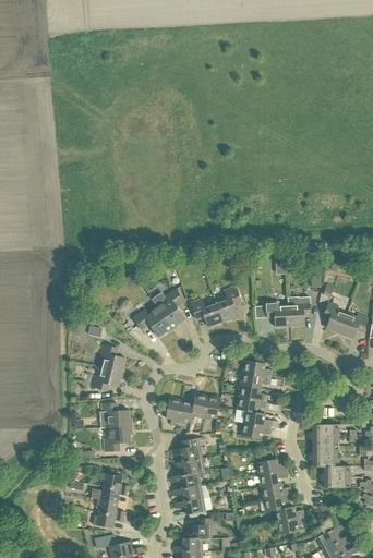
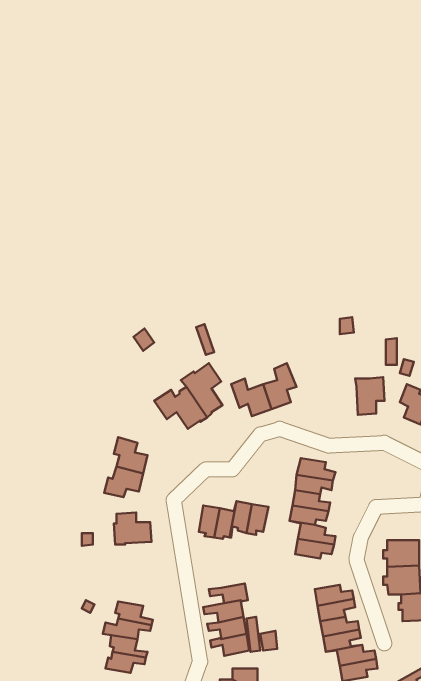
building: [266,302,290,327] -> none
building: [104,425,130,451] -> none
building: [171,437,202,461] -> none

